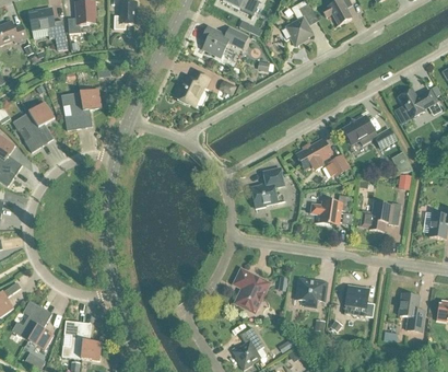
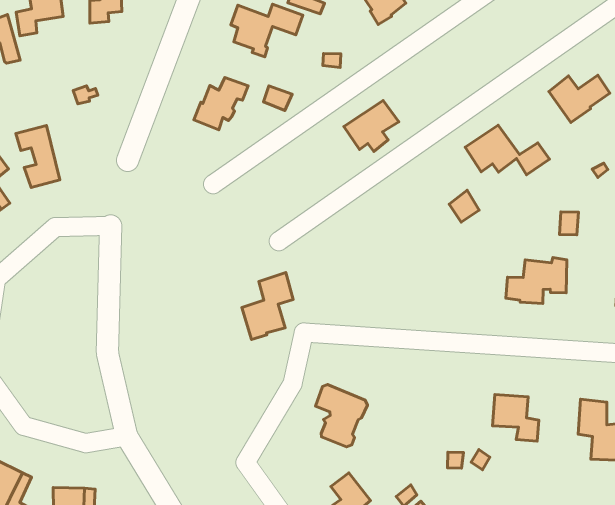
building: [80,88,101,126] -> none
building: [296,139,331,171] -> [344,100,399,152]
building: [250,166,283,207] -> [242,272,293,339]
building: [309,194,351,224] -> none
building: [295,278,327,306] -> none

